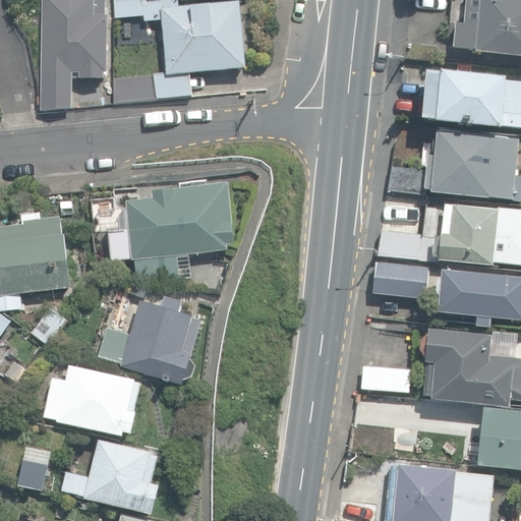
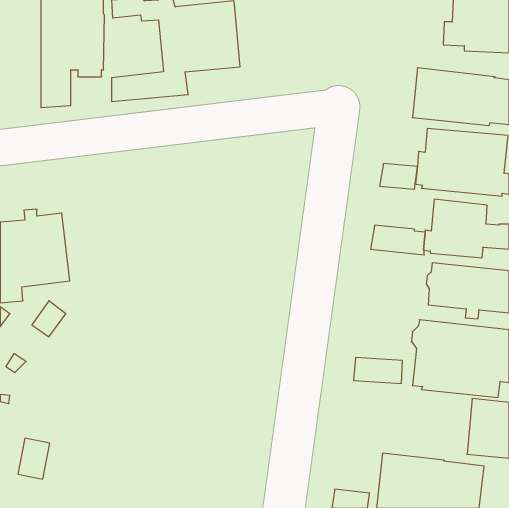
building: [126,184,234,289] -> none
building: [373,260,428,298] -> none
building: [99,296,202,384] -> none
building: [44,364,140,436] -> none
building: [62,440,158,513] -> none

